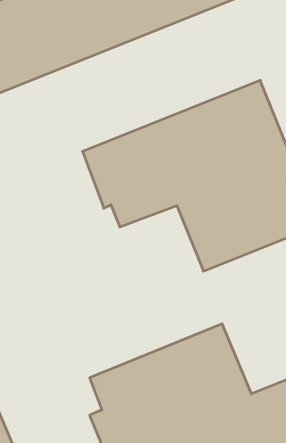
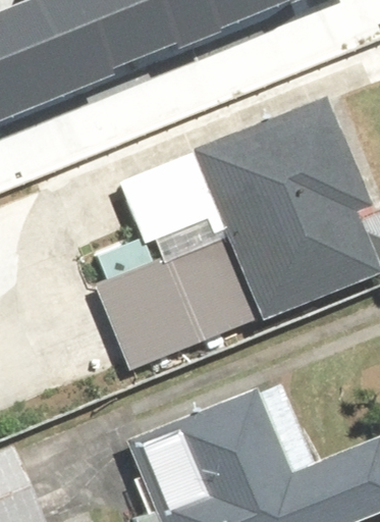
building: none -> [95,246,246,371]

